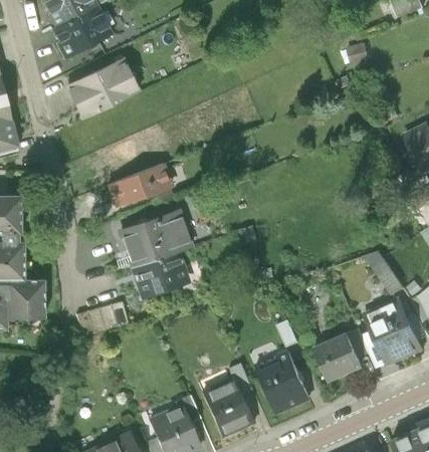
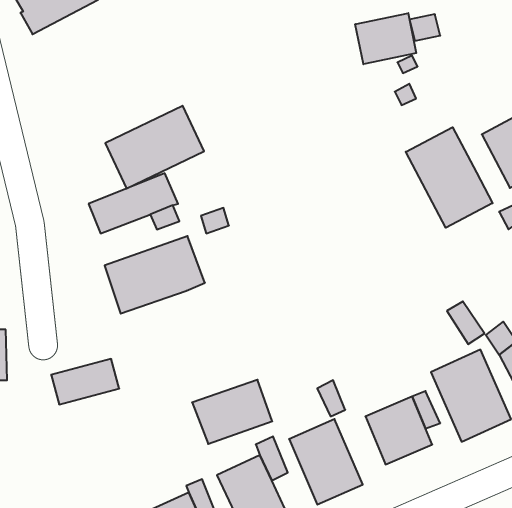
building: none -> [355,13,416,64]
building: [63,57,138,120] -> [105,106,204,189]
building: none -> [406,127,493,228]
building: [129,252,189,300] -> [192,380,272,444]

